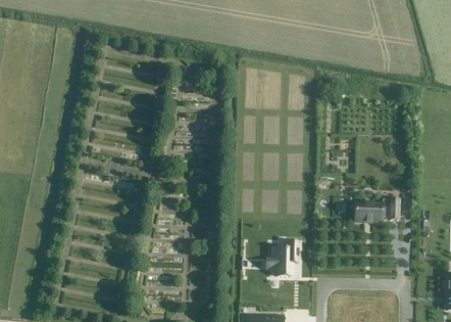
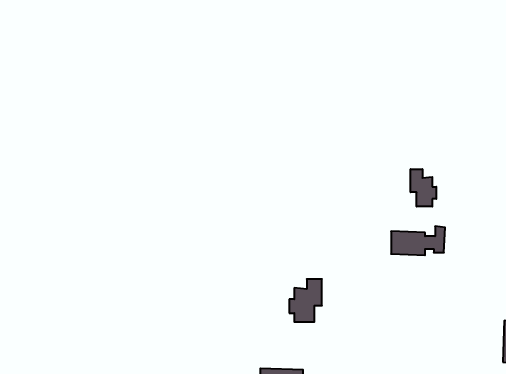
building: none -> [411,169,436,207]

